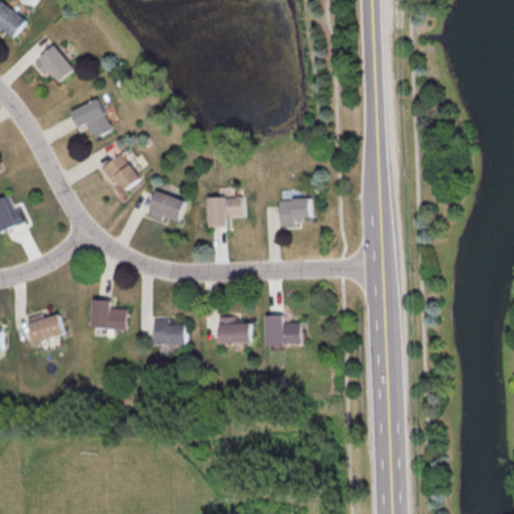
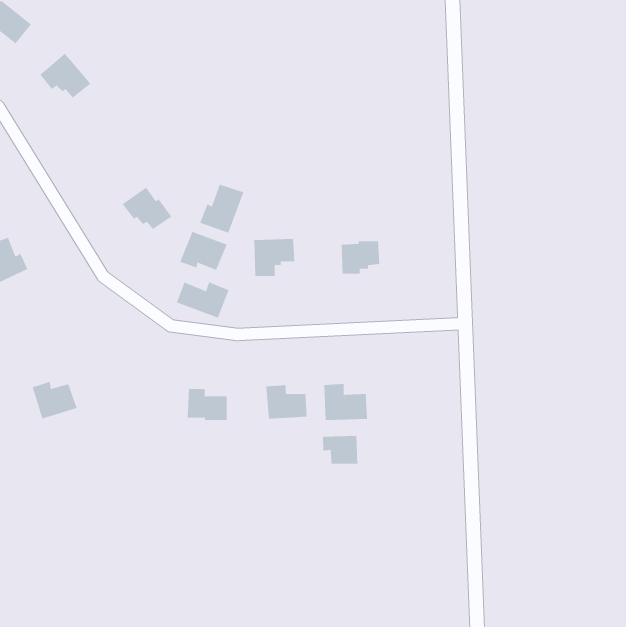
building: [69,98,110,139] -> none
building: none -> [199,184,244,233]
building: none -> [176,282,229,318]
building: [90,298,125,329] -> none
building: none -> [323,435,358,465]

